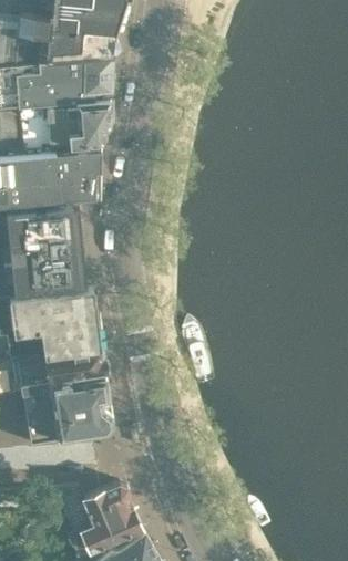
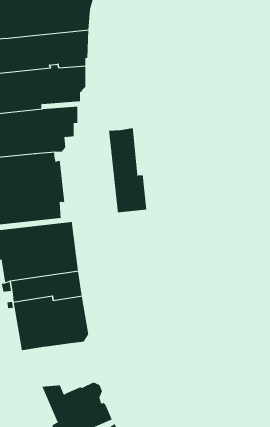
building: none -> [109,127,147,213]

